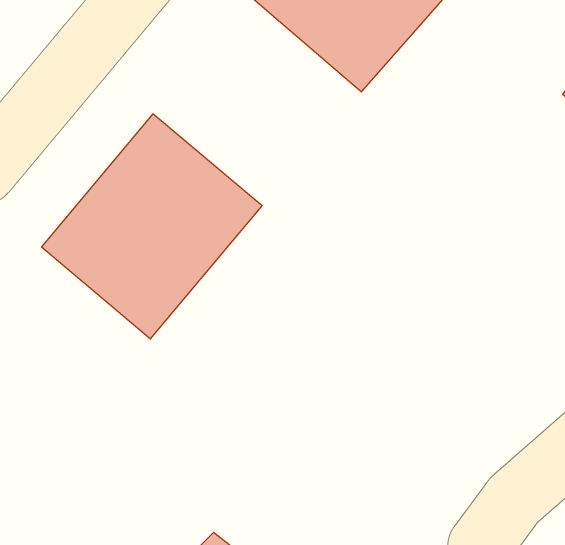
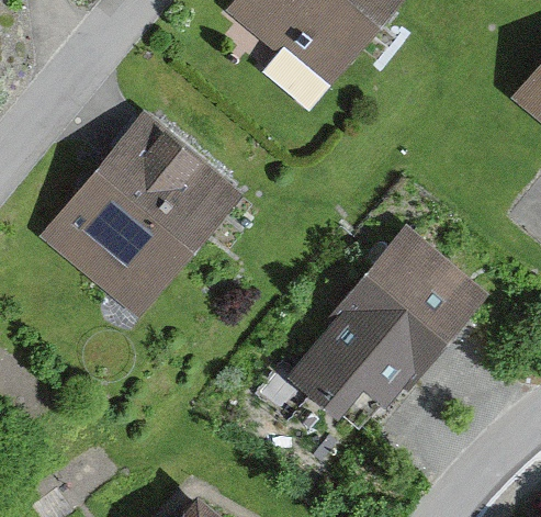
building: none -> [284,225,482,415]

